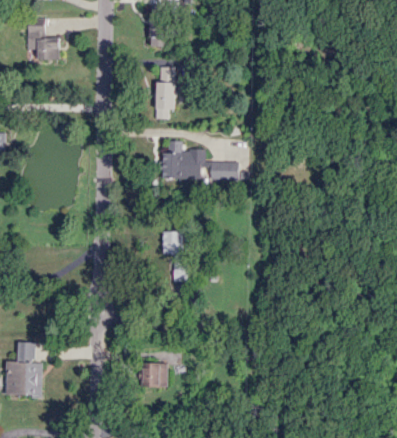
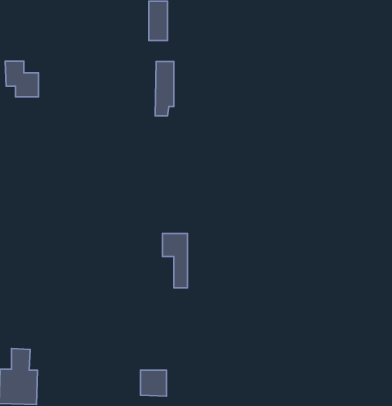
building: [27,26,59,60] -> [5,61,38,97]
building: [162,141,204,180] -> none
building: [211,162,248,181] -> none

